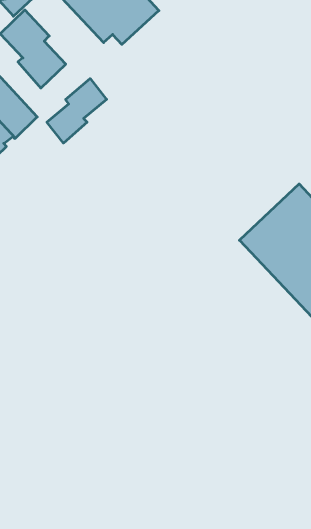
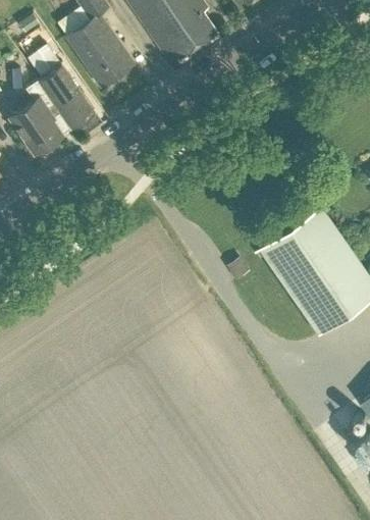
building: [47,79,107,143] -> none

